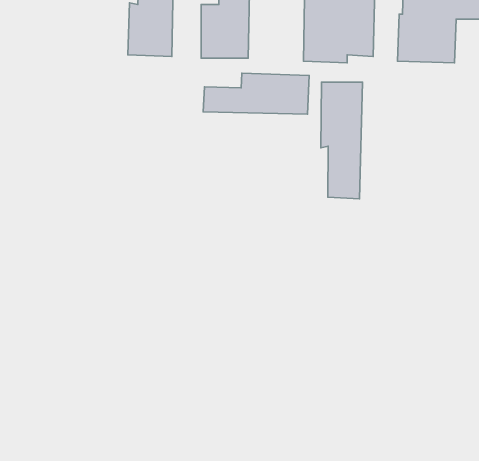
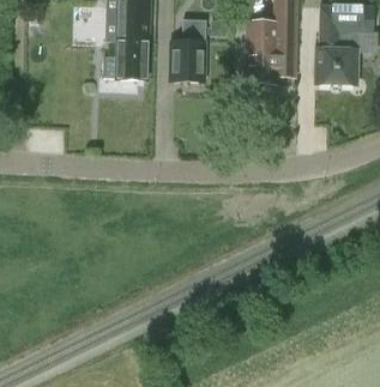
building: [203,73,309,114] -> none
building: [321,82,362,199] -> none

